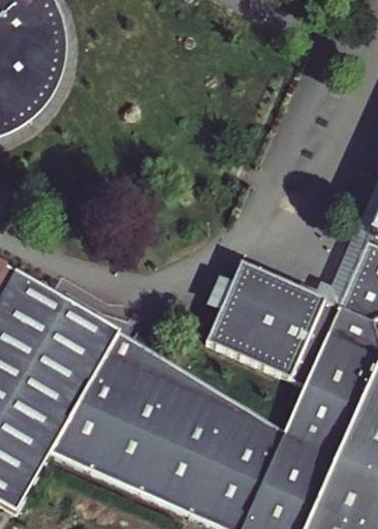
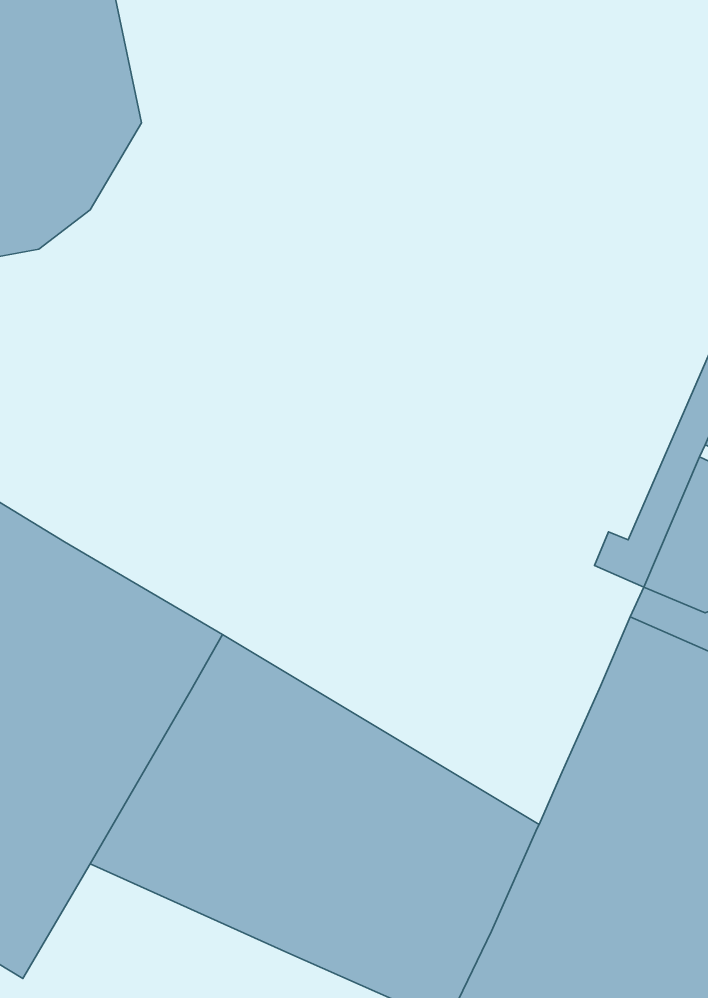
building: [207,266,340,406] -> none

